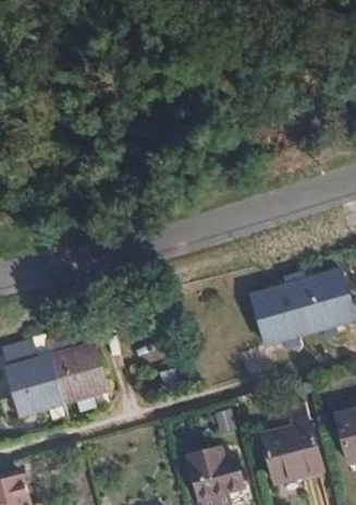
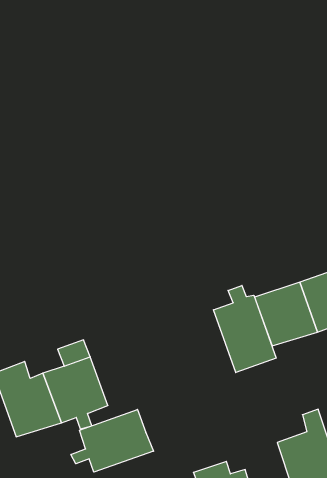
building: none -> [213,285,276,373]
building: none -> [71,409,154,472]

